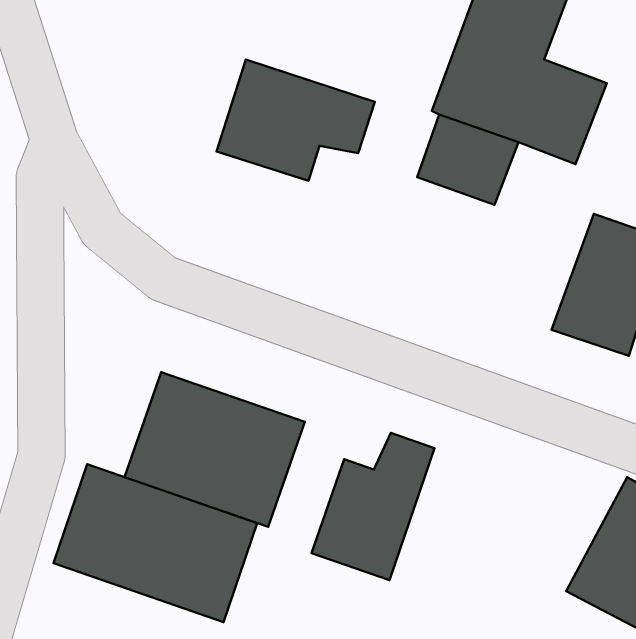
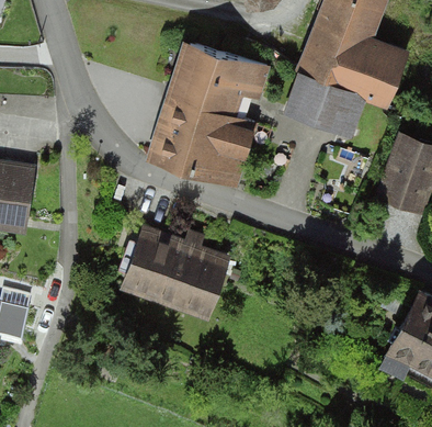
building: none -> [155,94,257,184]
building: [312,433,434,580] -> none
building: [53,464,257,622] -> none

